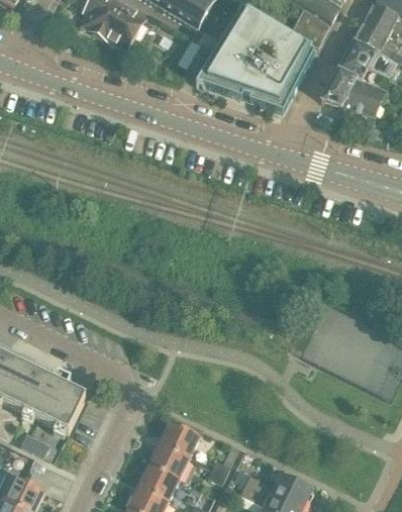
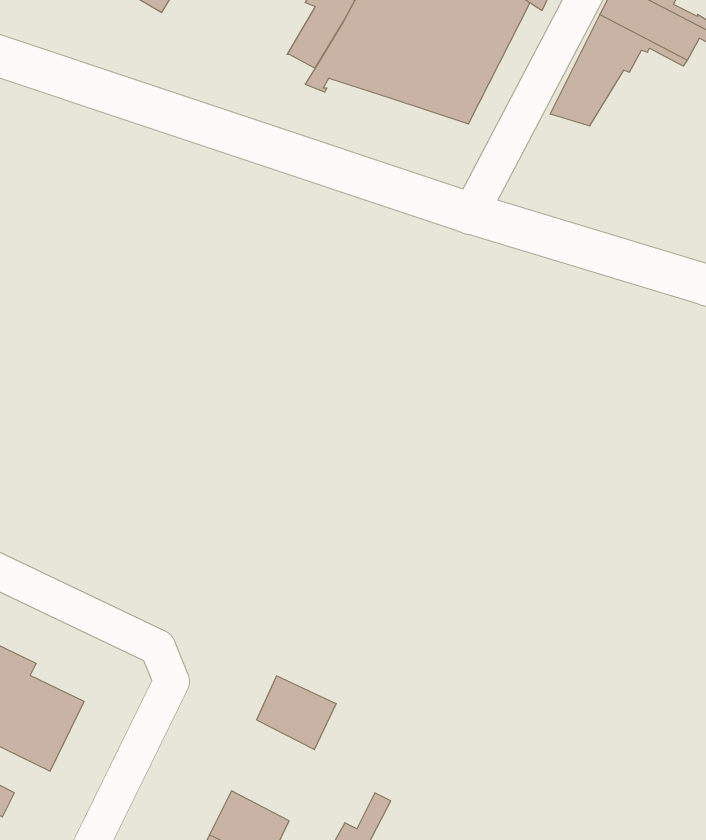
building: [341,78,387,116] -> none
building: [160,421,200,458] -> [257,676,336,750]

